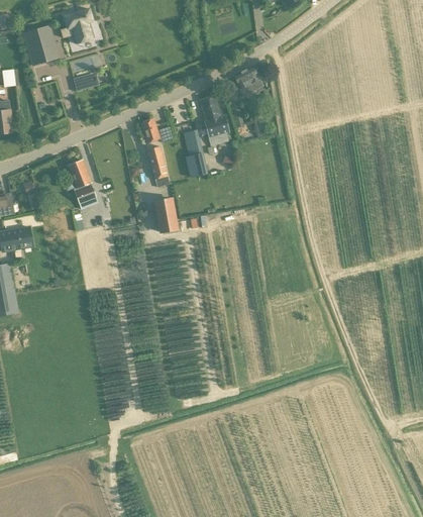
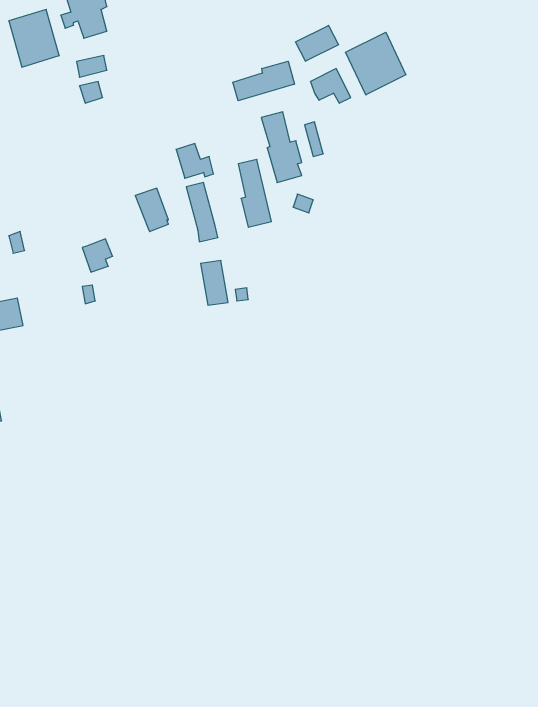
building: none -> [295,25,339,61]
building: none -> [346,32,406,95]
building: none -> [233,61,294,101]
building: [68,160,91,190] -> [135,188,168,232]

